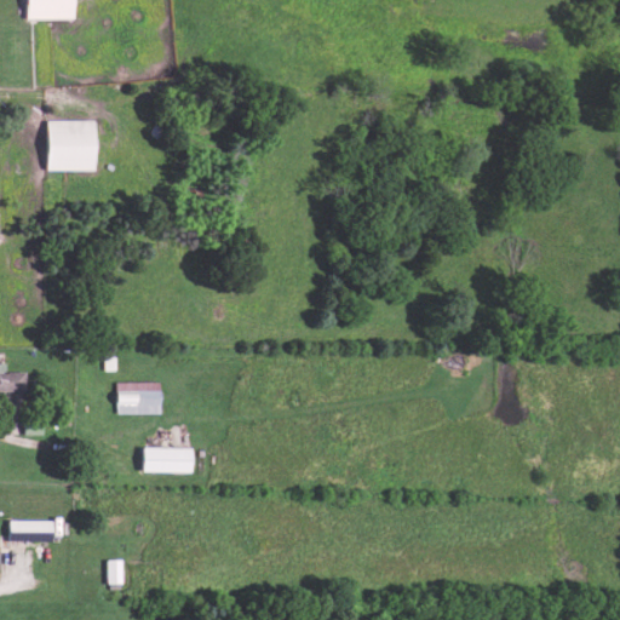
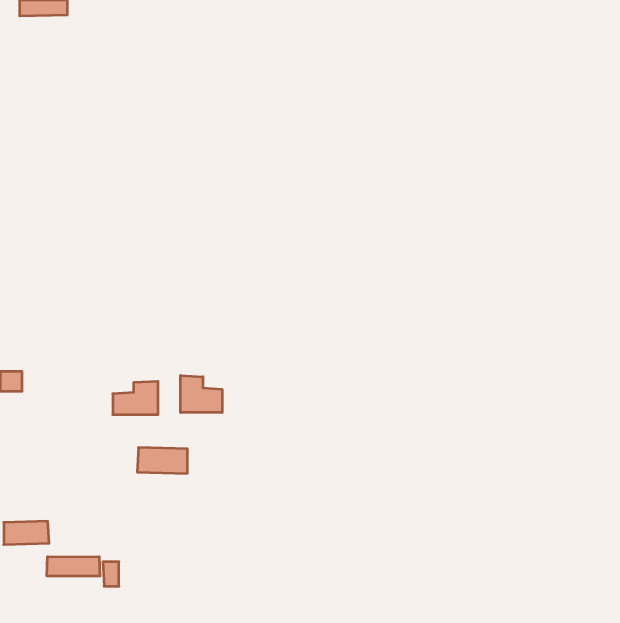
building: [46,120,93,170] -> none
building: none -> [181,375,222,413]
building: none -> [47,557,100,576]

